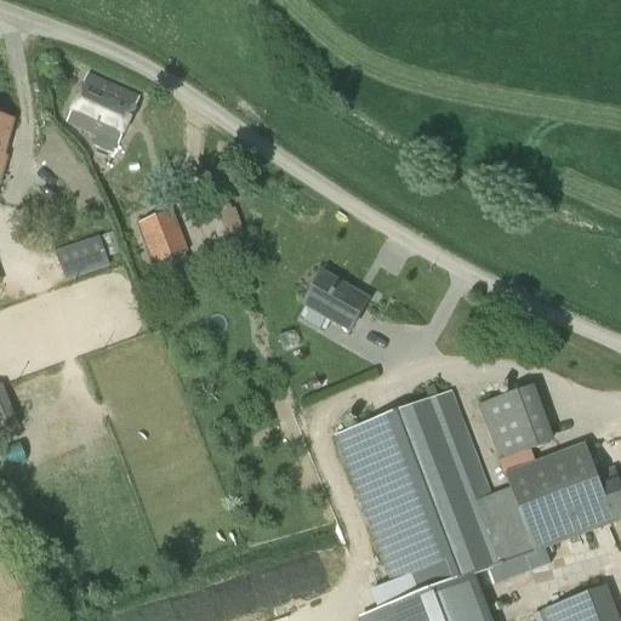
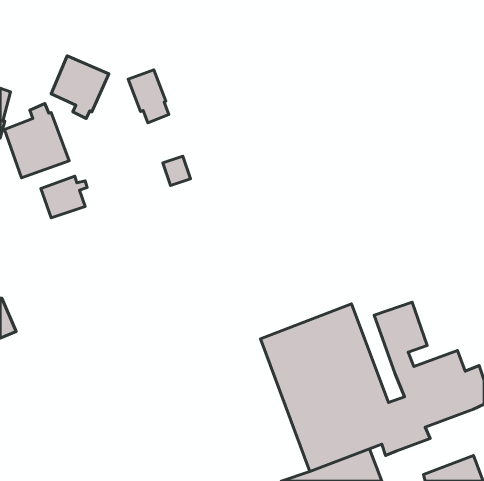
building: none -> [5,104,69,178]
building: [138,209,190,277] -> [128,70,169,123]
building: [303,272,370,332] -> none

